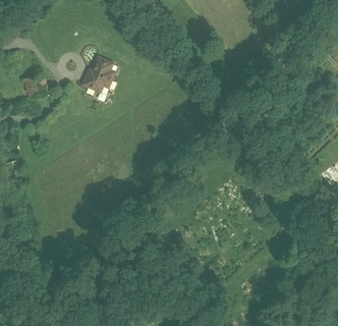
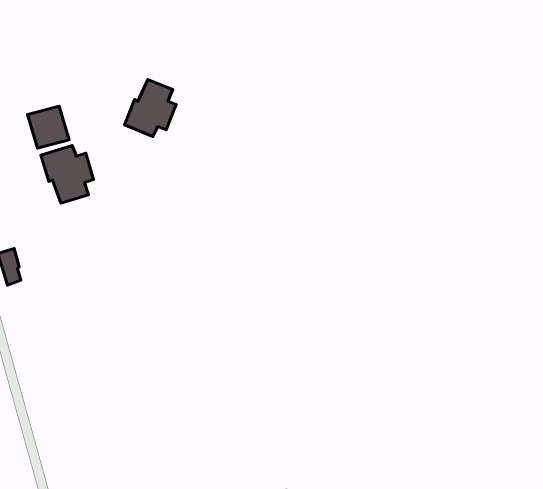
building: none -> [41,145,94,203]

